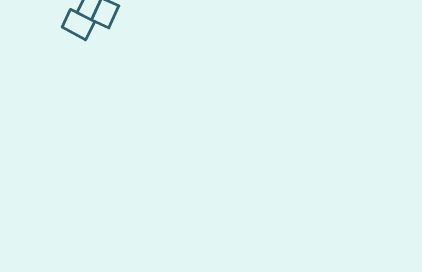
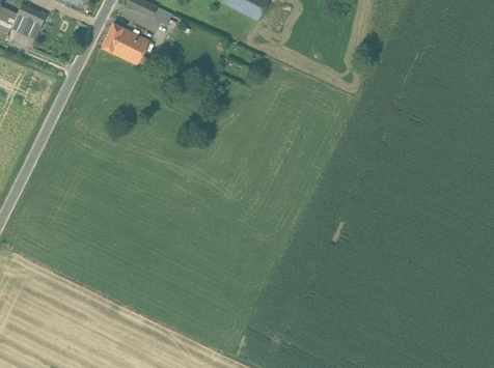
building: [62,9,95,40] -> none

